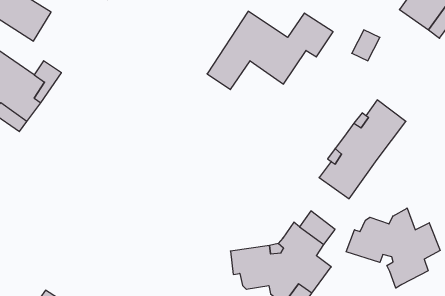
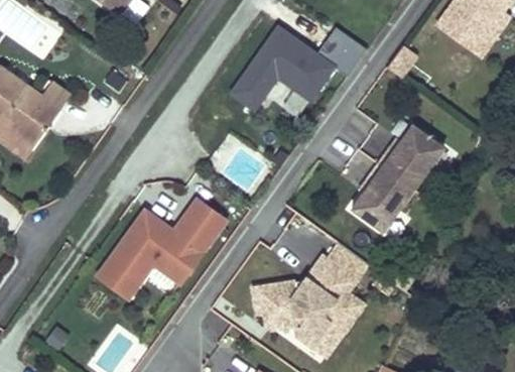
building: none -> [95,201,225,303]
building: [346,208,440,288] -> none

